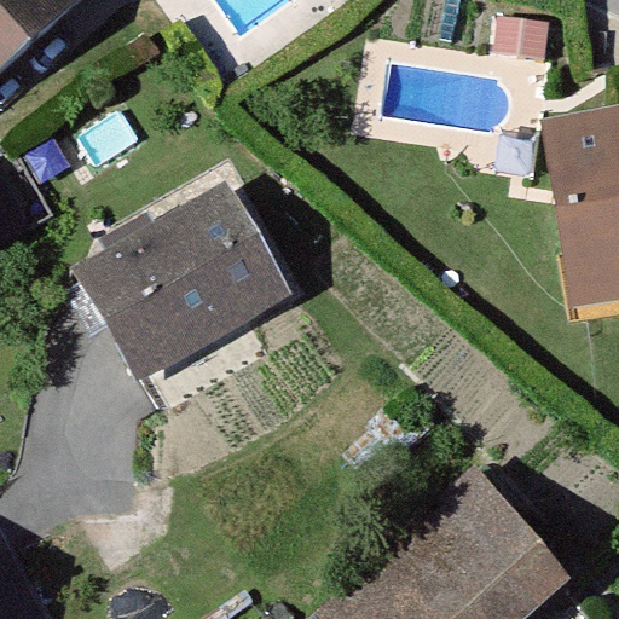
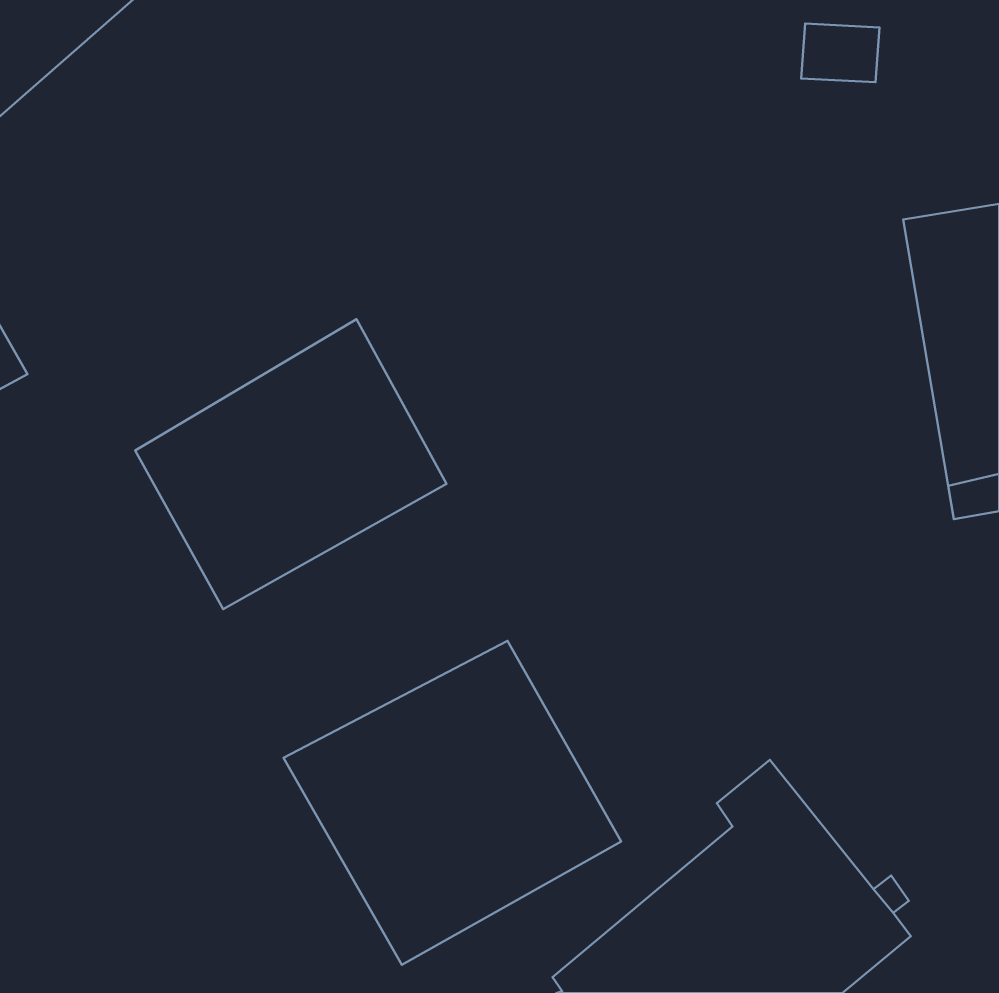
building: none -> [283,641,621,965]

